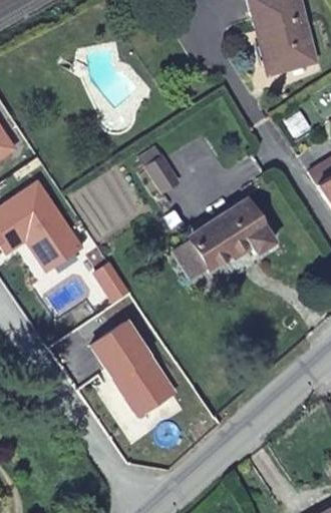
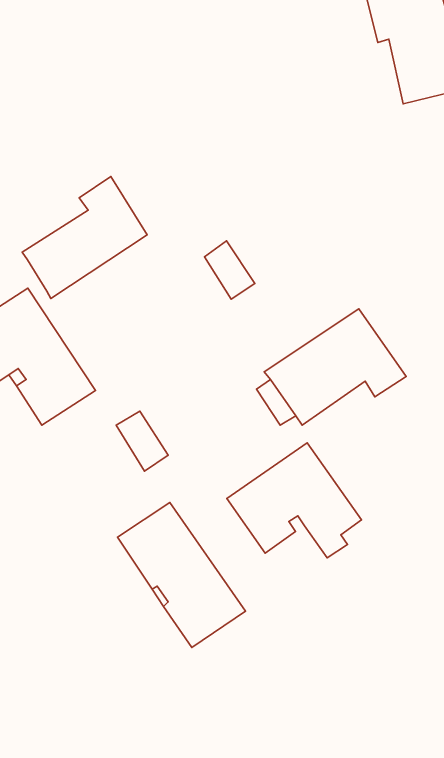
building: none -> [22,177,147,299]
building: none -> [227,443,362,558]

